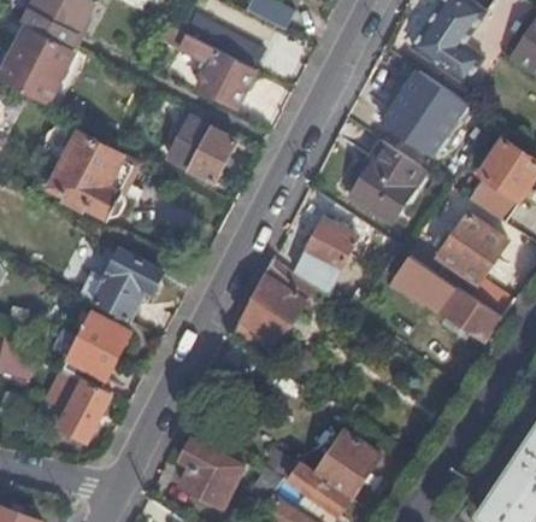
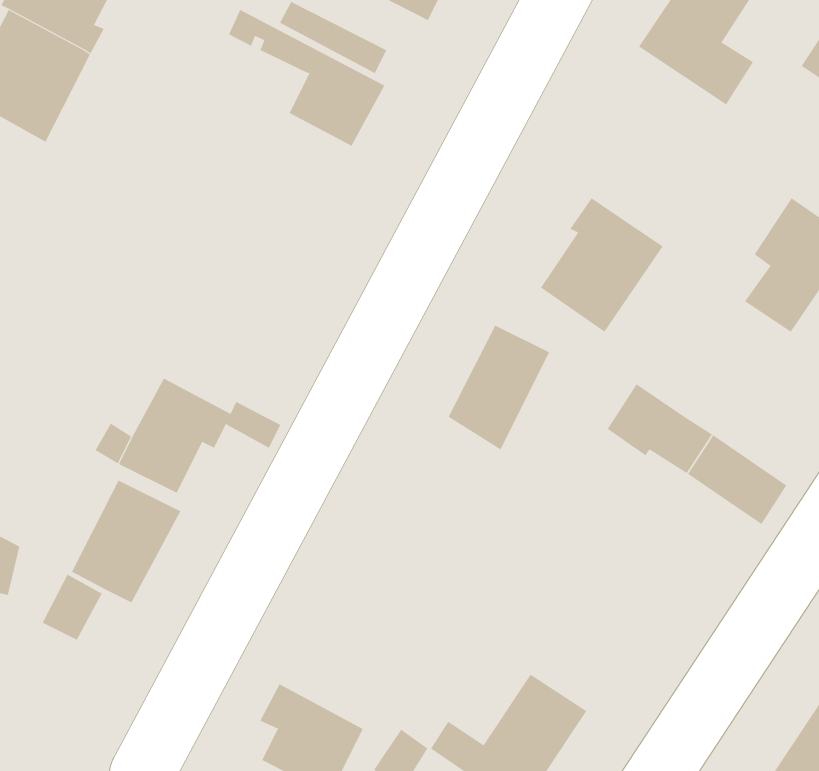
building: [388,70,464,148] -> none
building: [167,118,236,183] -> none
building: [49,134,136,217] -> none
building: [438,213,514,316] -> none
building: [231,257,313,354] -> none
building: [59,380,110,440] -> none

